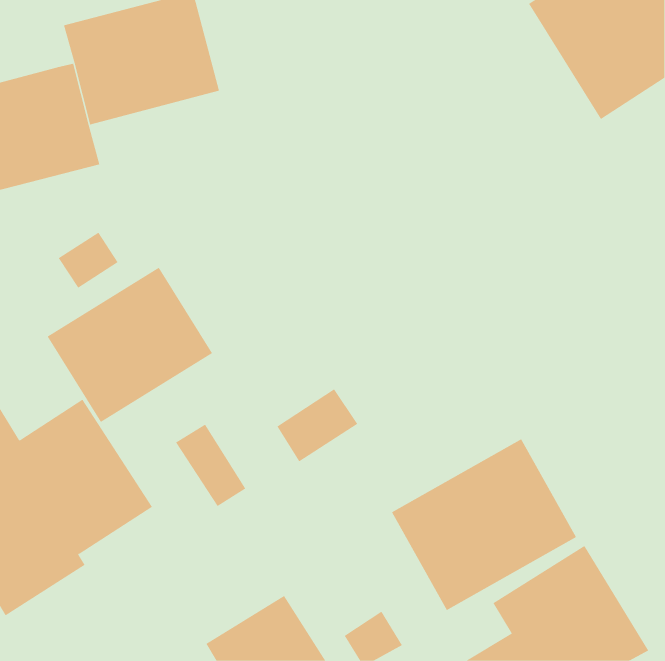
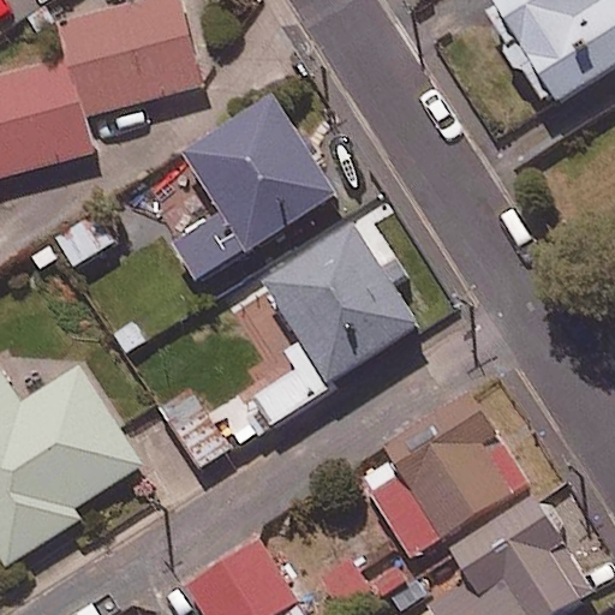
building: none -> [173,97,336,283]
building: none -> [265,227,418,384]
building: [47,267,213,423] -> none

